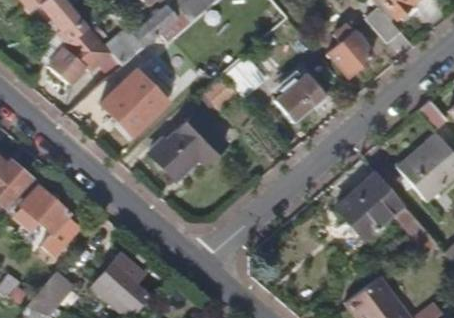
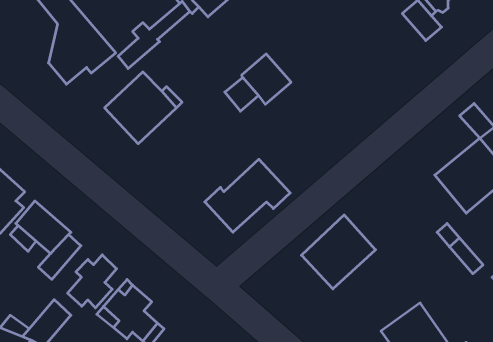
building: [329,24,373,76] -> none
building: [275,74,325,122] -> none
building: [149,114,225,179] -> [205,159,290,232]
building: [337,172,403,238] -> [301,215,376,289]
building: none -> [68,255,117,308]

